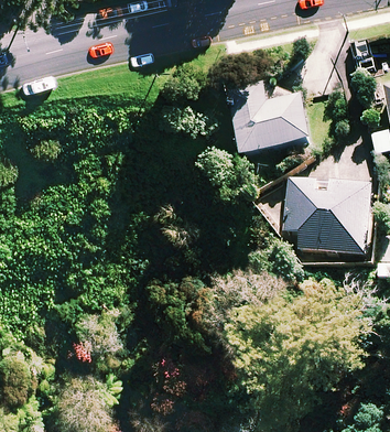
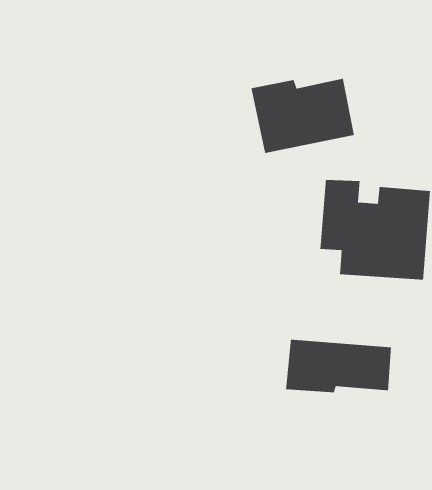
building: none -> [285,339,392,393]

